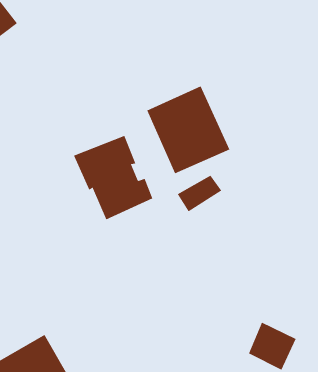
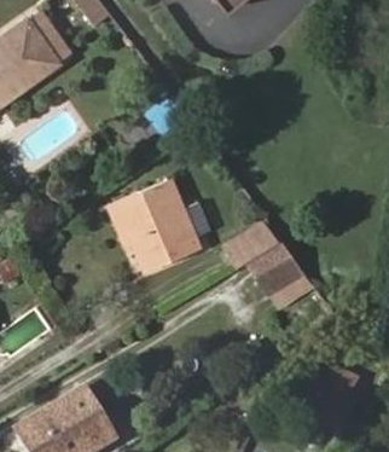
building: [146,86,230,174] -> none
building: none -> [250,243,308,295]

